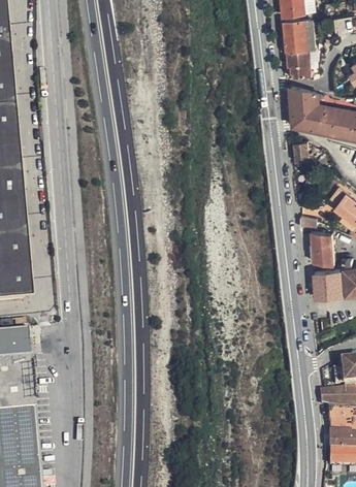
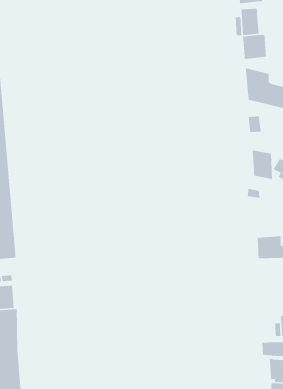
building: [303,233,327,267] -> [252,150,273,180]

